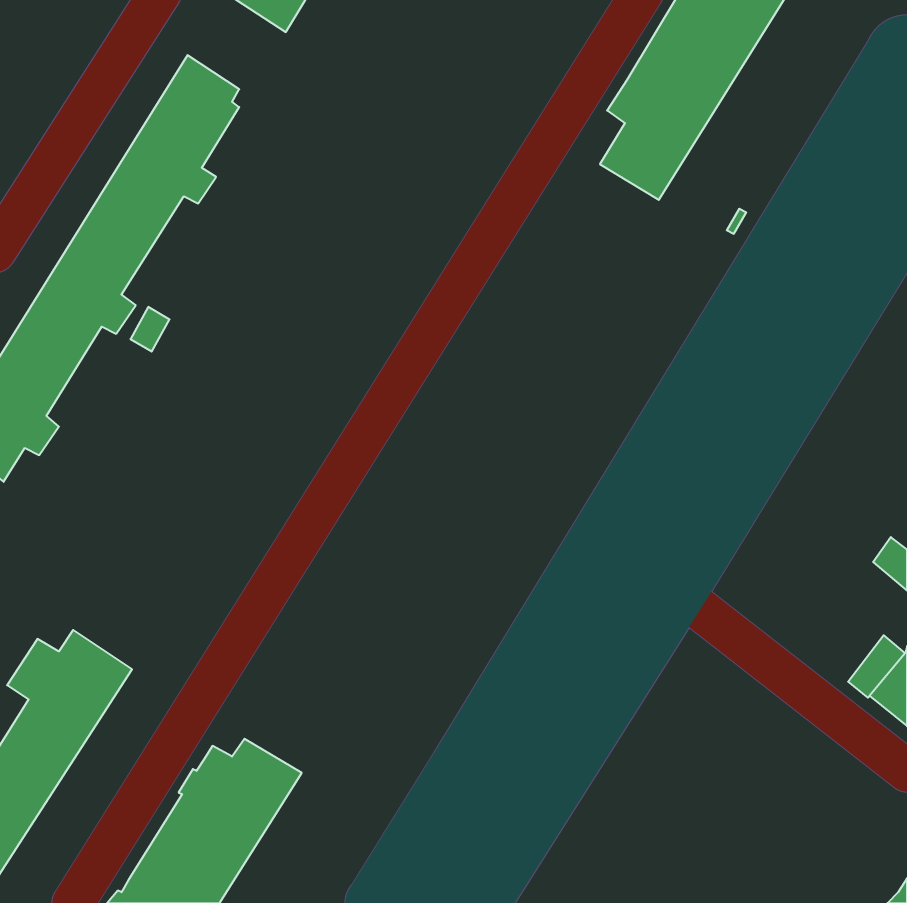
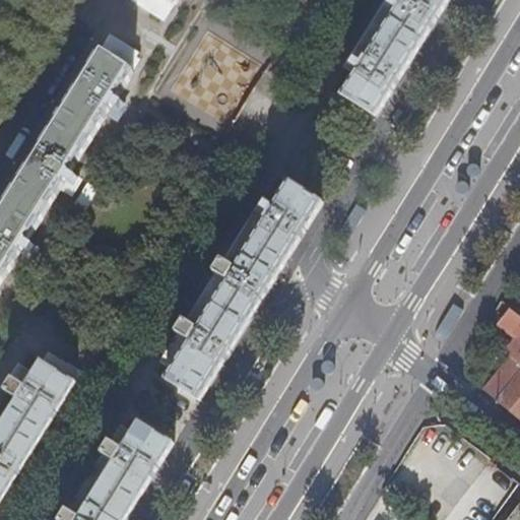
building: none -> [161,181,321,398]

